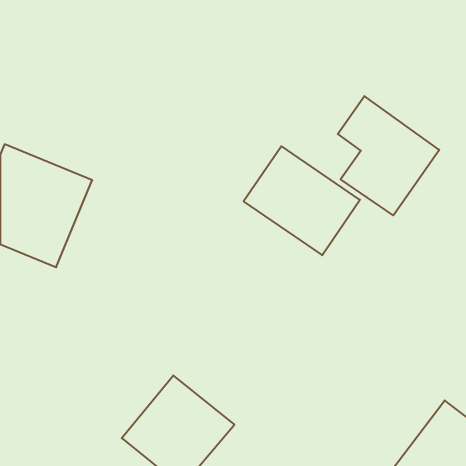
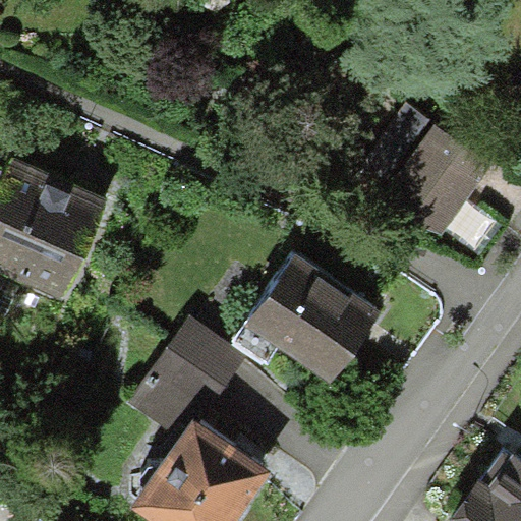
building: [244,146,360,255] -> [246,257,374,378]
building: none -> [152,320,251,417]

